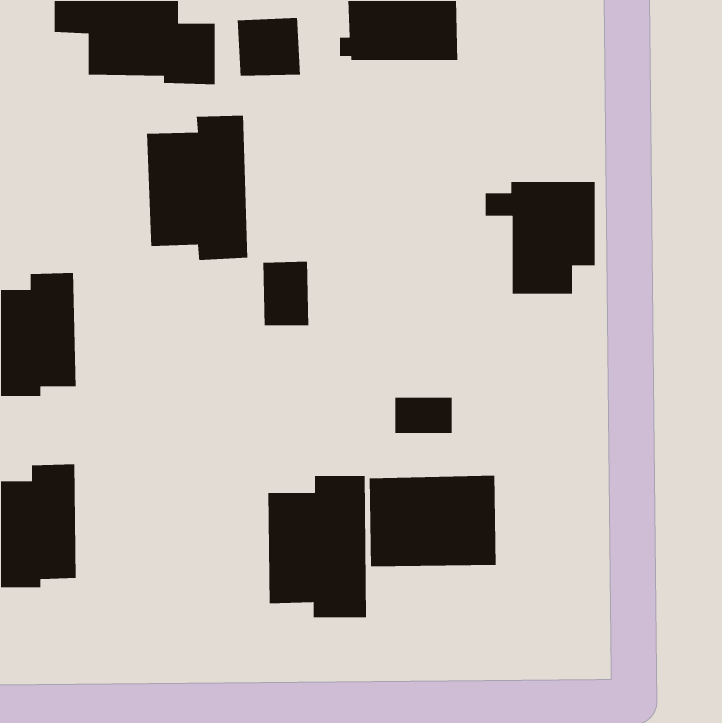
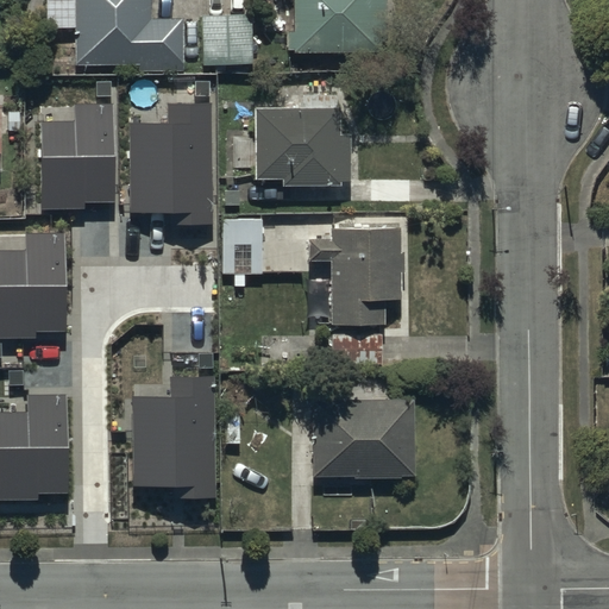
building: none -> [39,100,114,205]
building: none -> [256,111,352,188]
building: [485,181,595,294] -> [310,231,403,326]
building: [267,475,367,618] -> [132,372,215,492]

